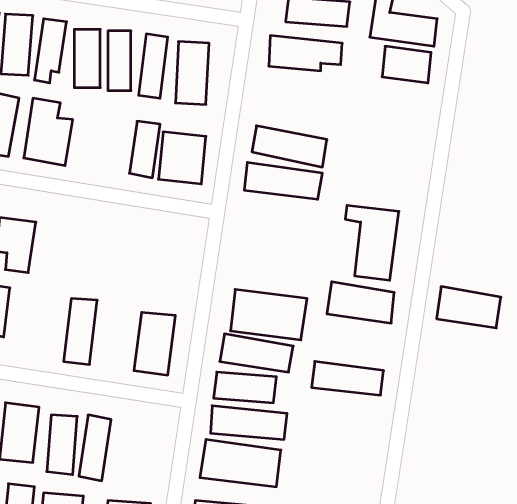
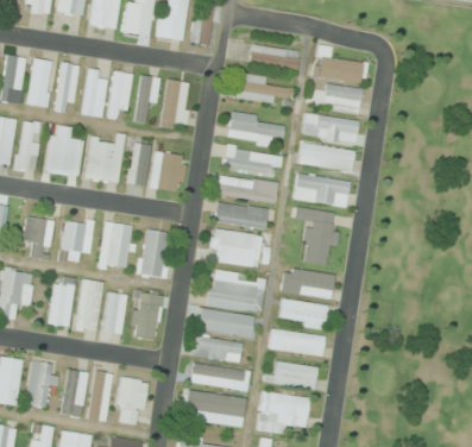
building: none -> [227,113,284,144]
building: none -> [303,115,358,143]
building: none -> [84,133,125,182]
building: none -> [298,141,354,171]
building: none -> [292,172,350,207]
building: none -> [214,201,268,228]
building: none -> [58,216,94,263]
building: none -> [99,221,132,271]
building: none -> [208,227,262,267]
building: none -> [140,229,169,277]
building: [437,287,501,328] -> [278,297,328,329]
building: none -> [49,276,75,326]
building: none -> [103,291,126,333]
building: none -> [264,360,317,389]
building: none -> [114,376,147,423]
building: none -> [257,392,309,433]

